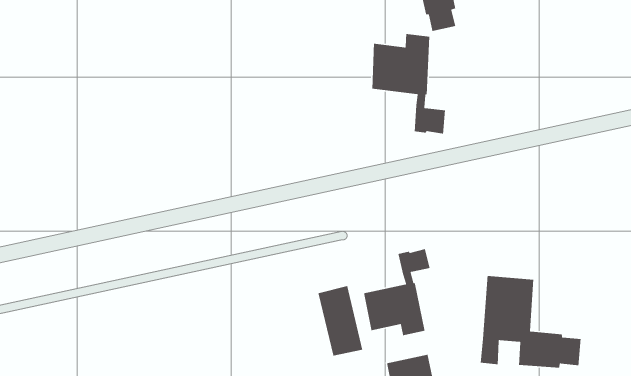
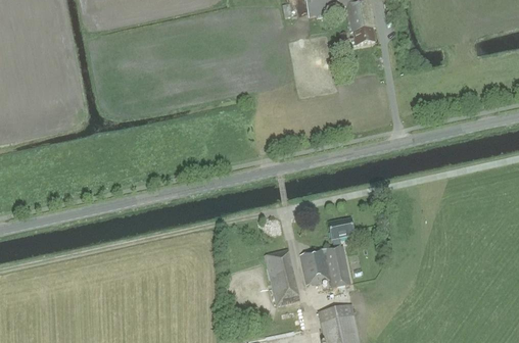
building: [371,33,446,135] -> none
building: [480,275,581,369] -> none

